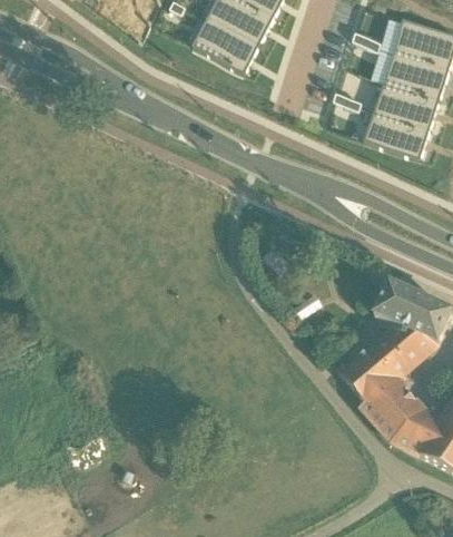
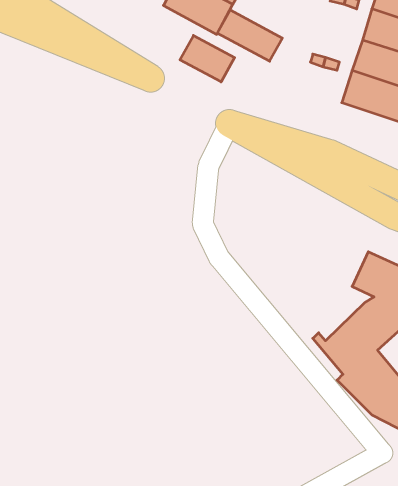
building: none -> [217,10,282,61]
building: none -> [180,35,235,82]

